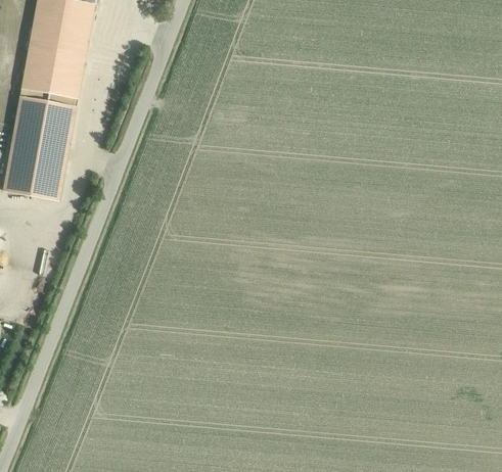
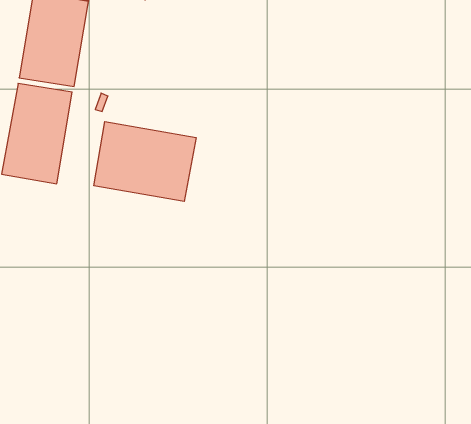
building: none -> [94,122,196,201]

